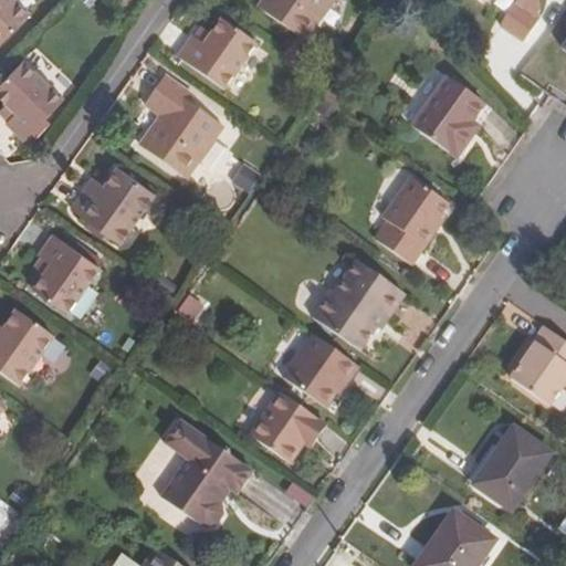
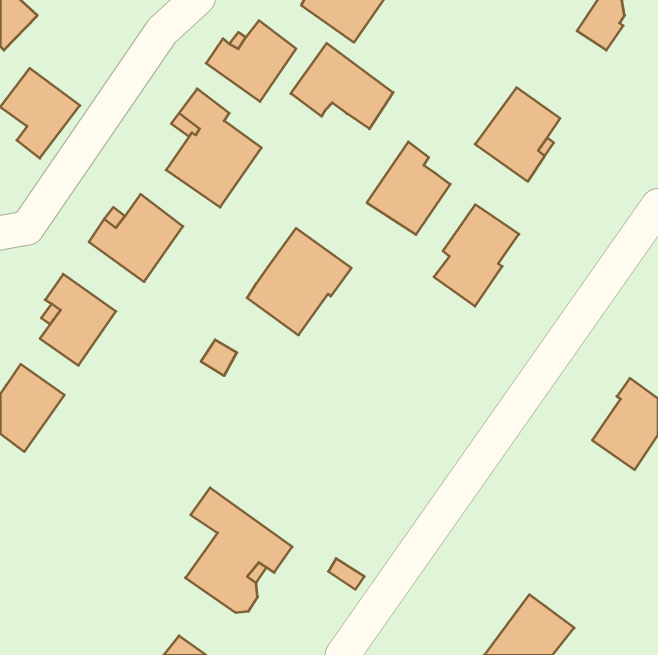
building: none -> [291,43,393,129]
building: none -> [367,142,450,235]
building: [311,256,400,348] -> [247,228,351,335]
building: [281,333,357,403] -> none
building: [251,387,326,458] -> none
building: [473,427,551,509] -> none

